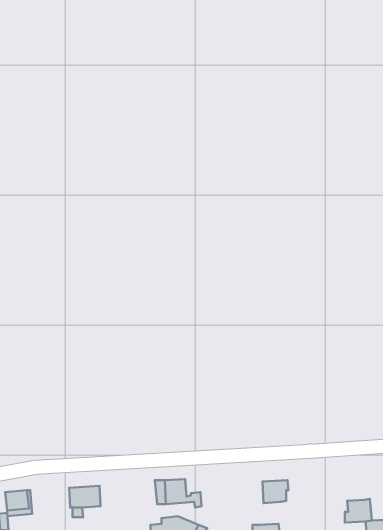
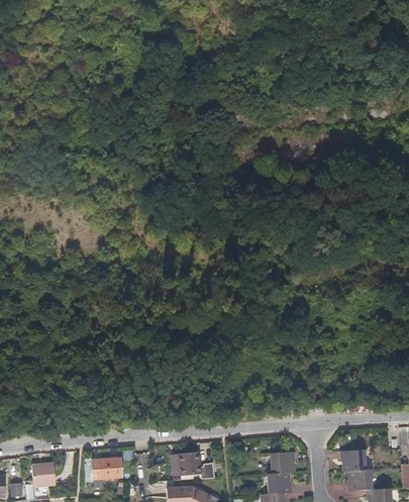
building: none -> [340,450,366,472]
building: none -> [267,473,292,494]

